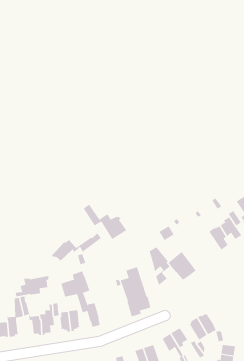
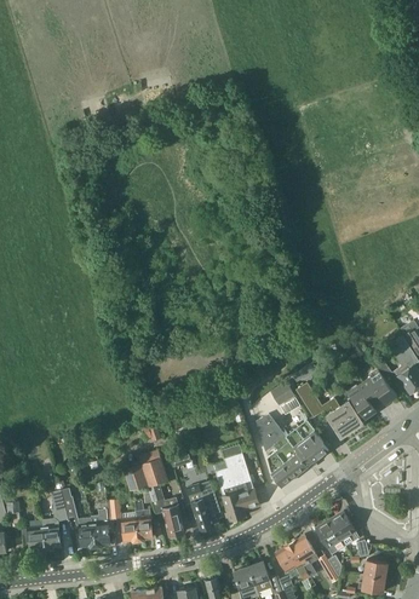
building: [83,204,127,240] -> [295,384,362,438]
building: [51,232,101,261] -> none
building: none -> [270,444,306,486]
building: [15,275,49,297] -> none
building: none -> [185,484,219,530]

